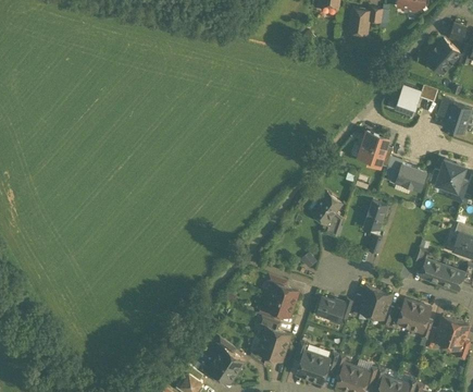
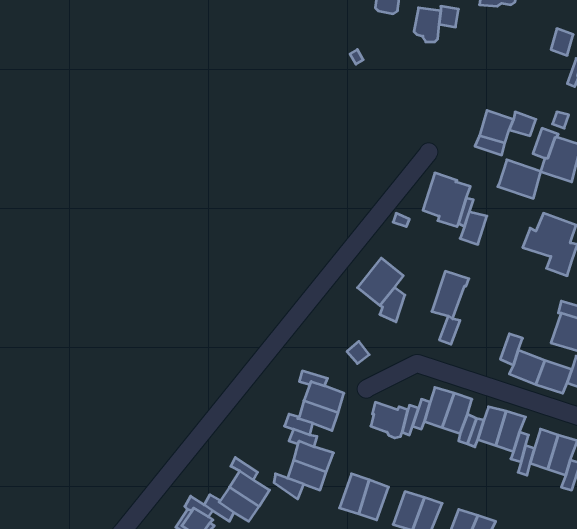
building: [426,39,460,70] -> none
building: [396,163,427,192] -> [498,160,541,198]

